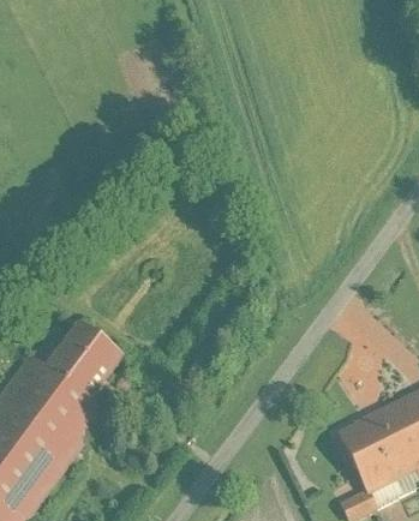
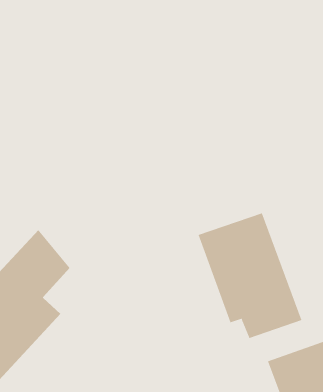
building: none -> [198,212,302,339]

